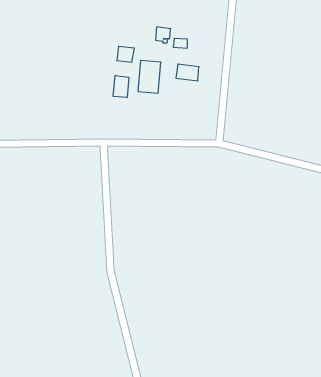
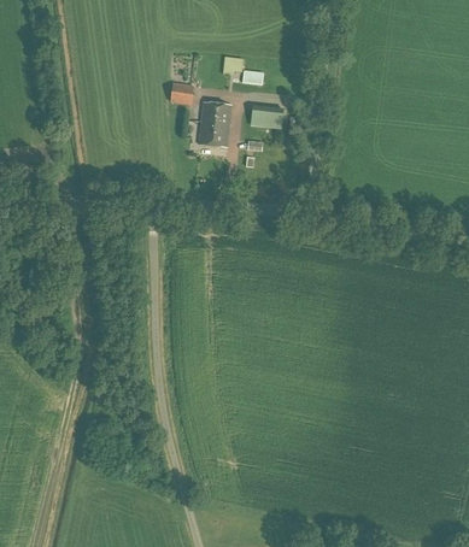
building: [113,75,129,98] -> none

